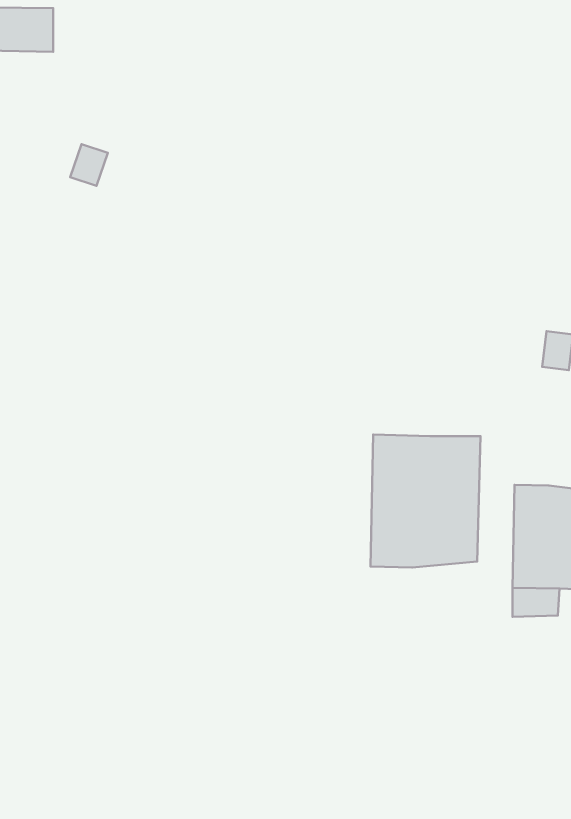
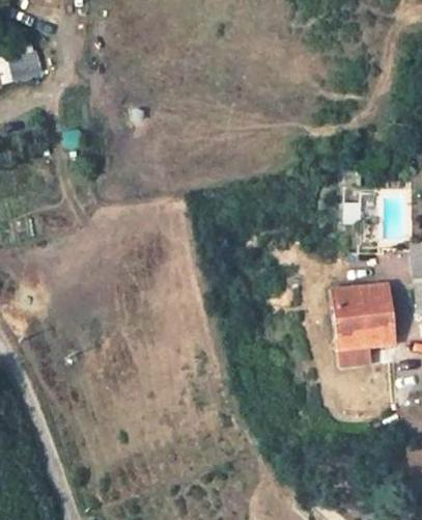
building: [371,434,480,567] -> none

